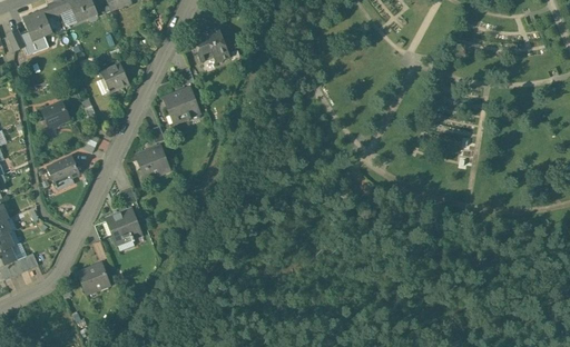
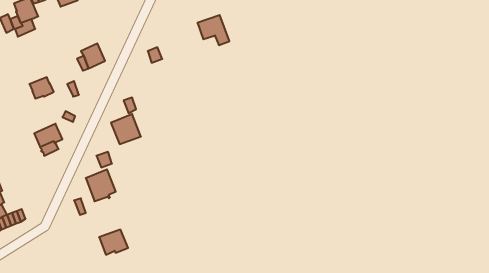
building: [191,27,228,61] -> [197,15,229,45]
building: [164,86,199,122] -> none
building: [77,262,110,291] -> [99,230,128,255]

